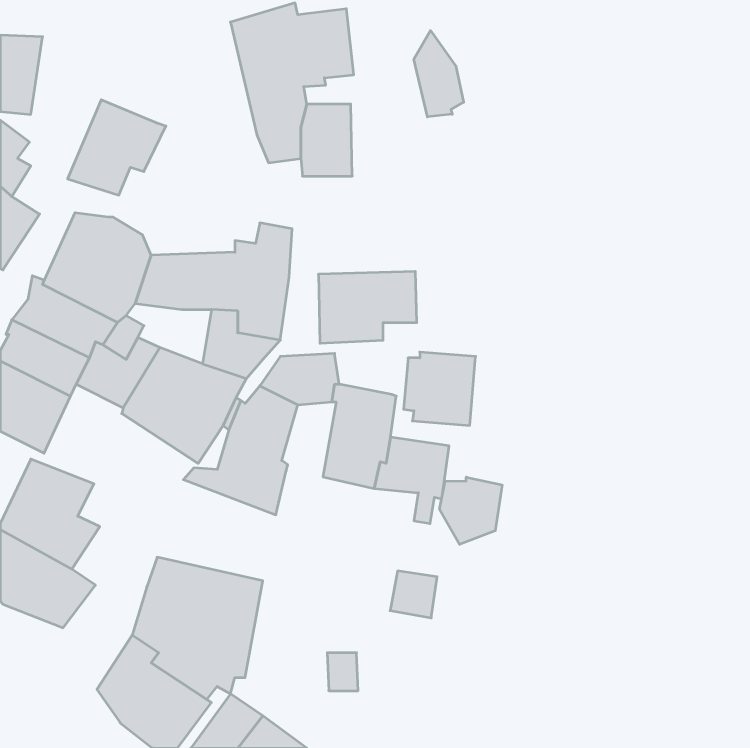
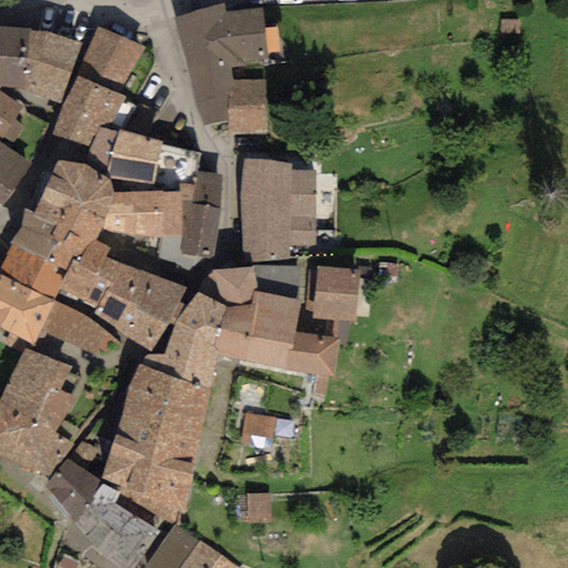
building: [414,31,464,117] -> none
building: none -> [77,26,144,93]
building: none -> [23,28,81,101]
building: none -> [82,126,200,193]
building: none -> [240,158,315,207]
building: none -> [252,264,300,298]
building: none -> [40,300,120,353]
building: none -> [213,304,254,361]
building: [440,477,502,544] -> none
building: none -> [119,363,209,439]
building: [390,571,437,618] -> [240,413,275,448]
building: none -> [45,434,111,521]

